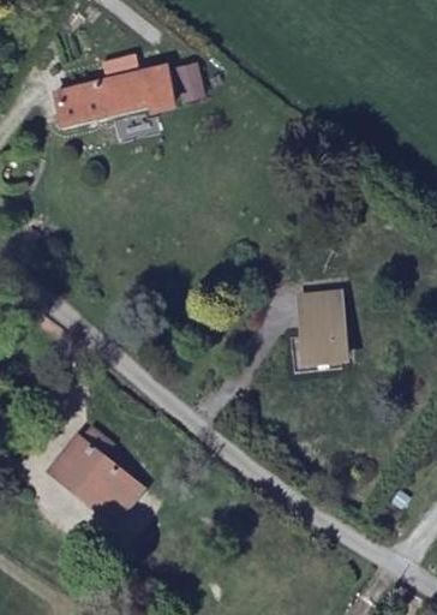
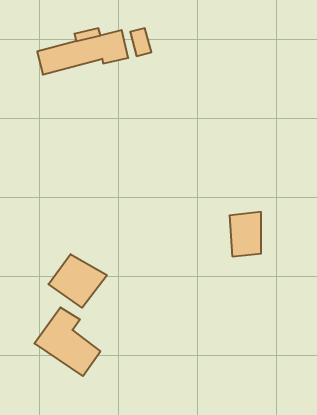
building: none -> [48,254,107,308]

